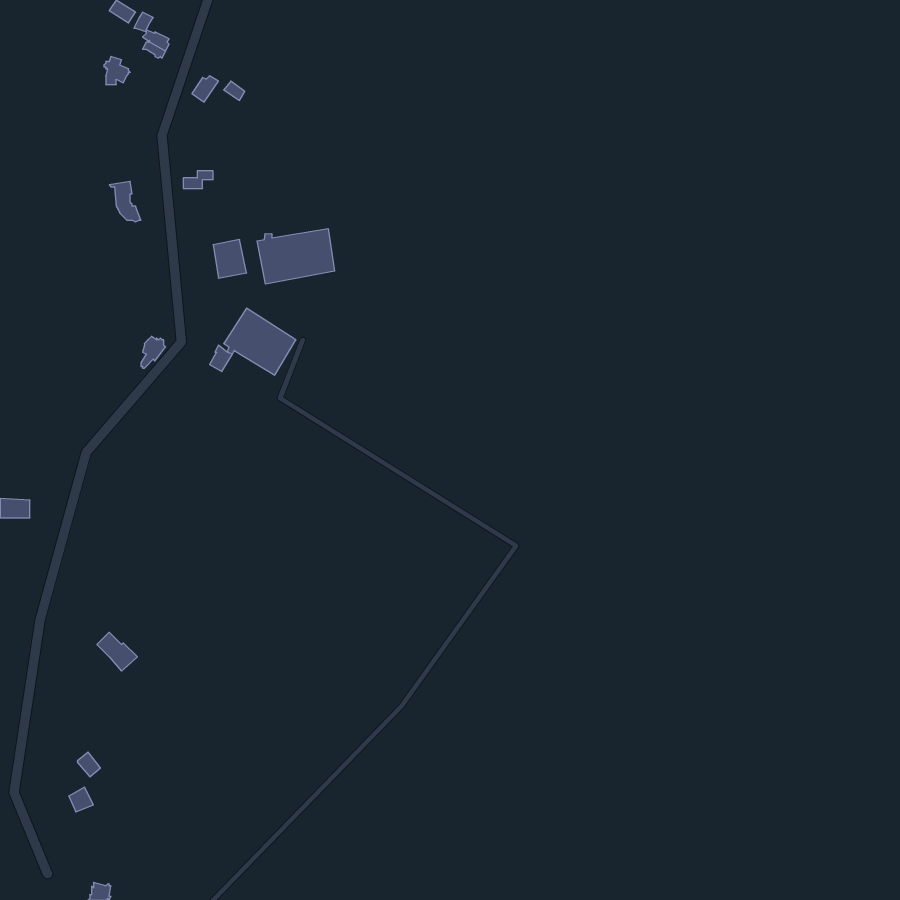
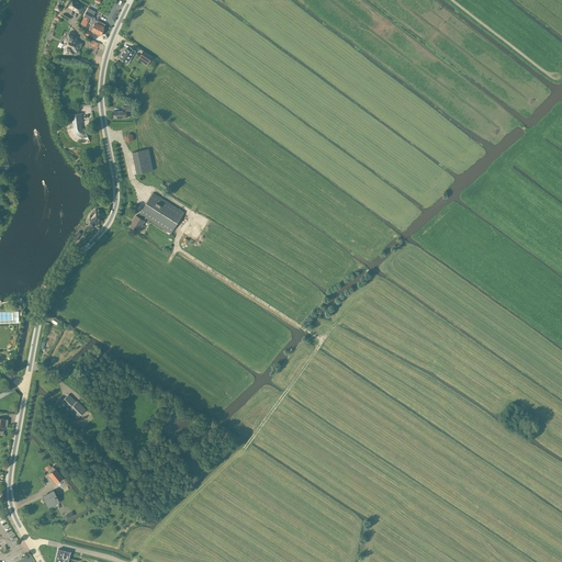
building: [257,229,335,284] -> none

